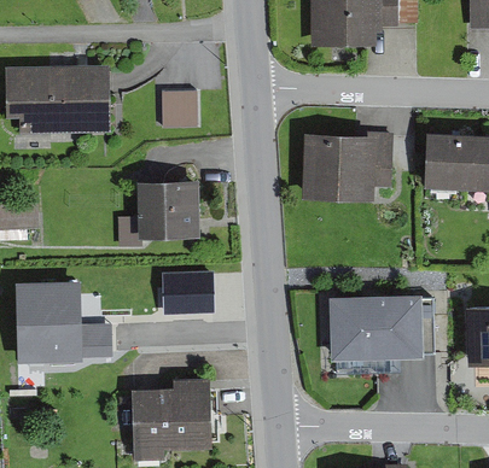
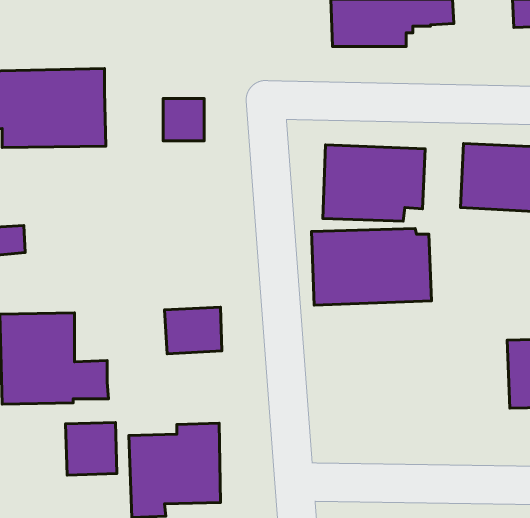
building: [117,180,199,248] -> none
building: [328,294,435,362] -> [311,229,432,305]
building: none -> [66,422,117,475]

